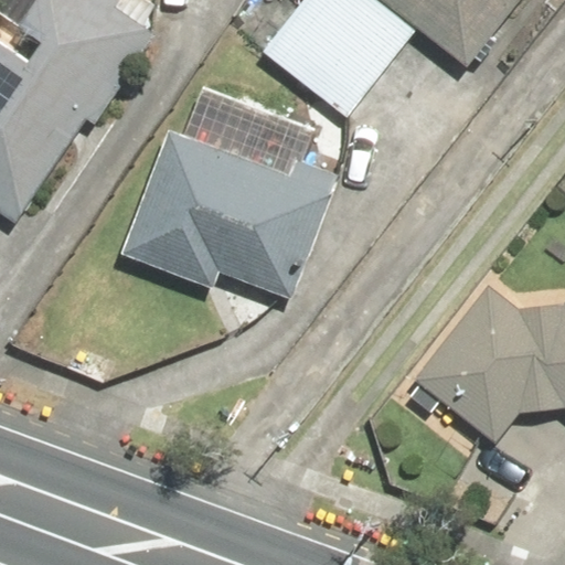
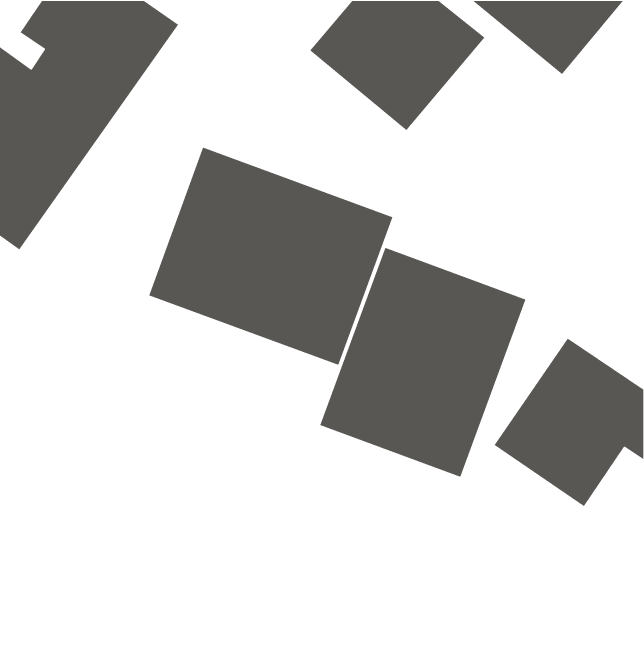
building: none -> [319,247,526,478]

